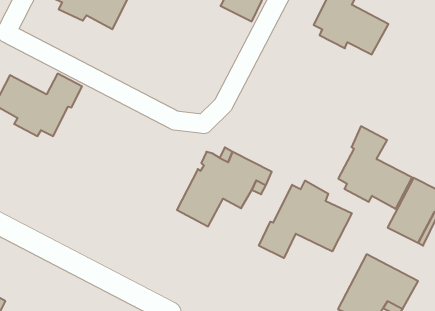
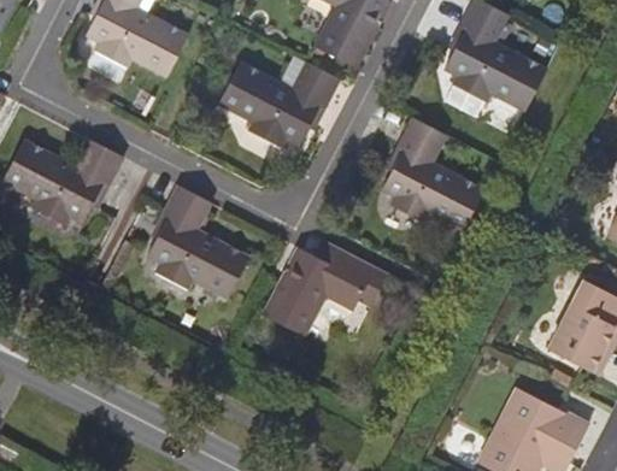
building: none -> [218,61,340,148]
building: none -> [143,184,246,299]
building: [338,126,412,209] -> [382,117,484,231]
building: [259,181,352,258] -> none

